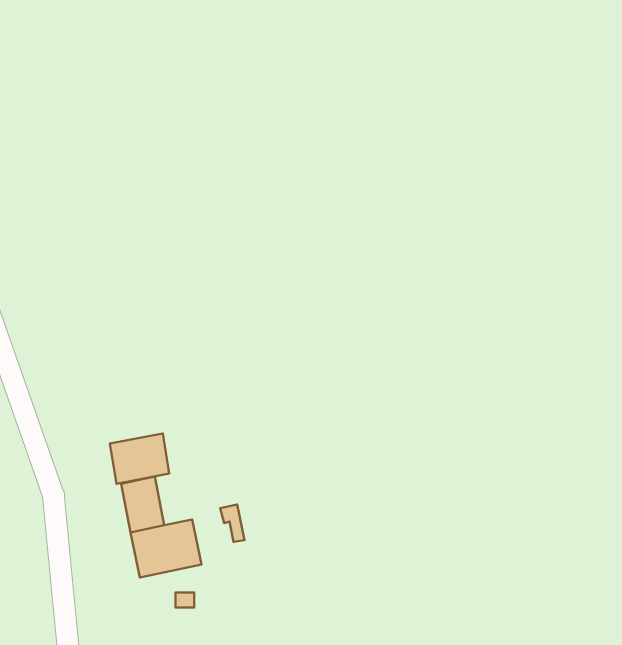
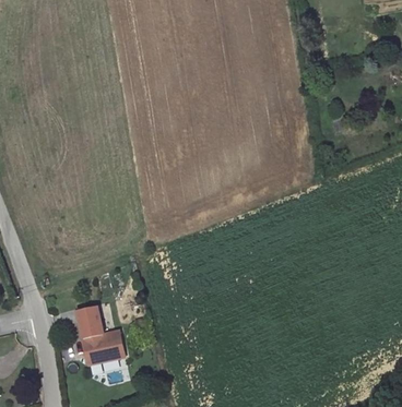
building: [110,433,169,484] -> none

